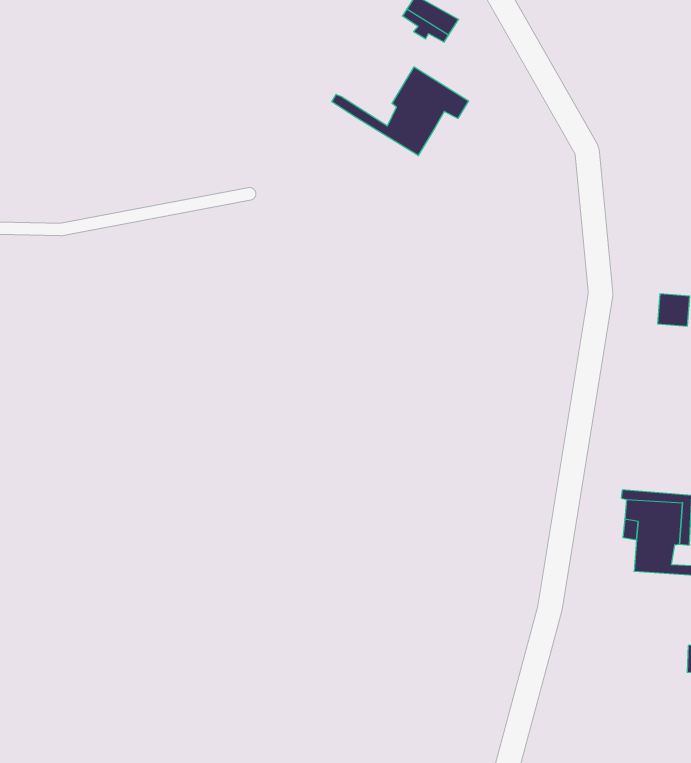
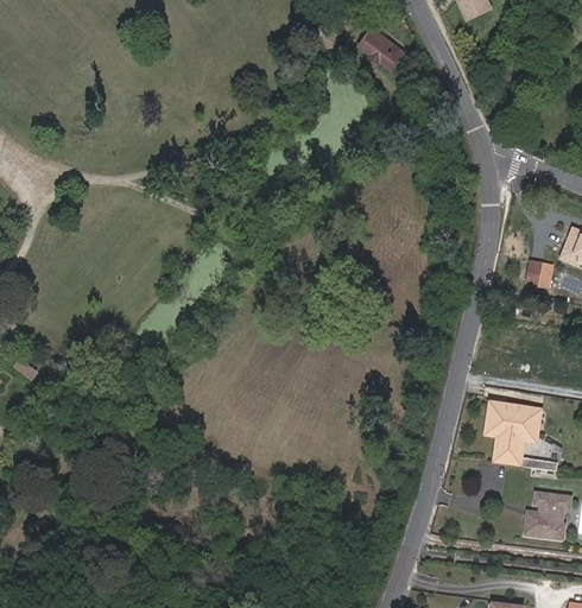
building: [332,67,468,156] -> none

